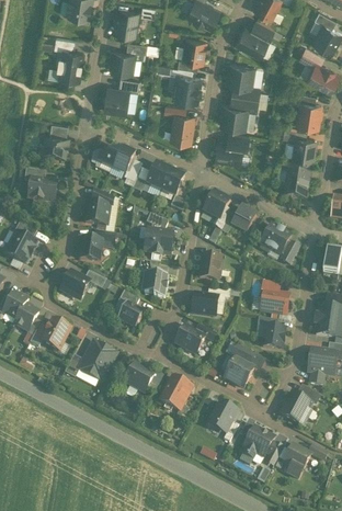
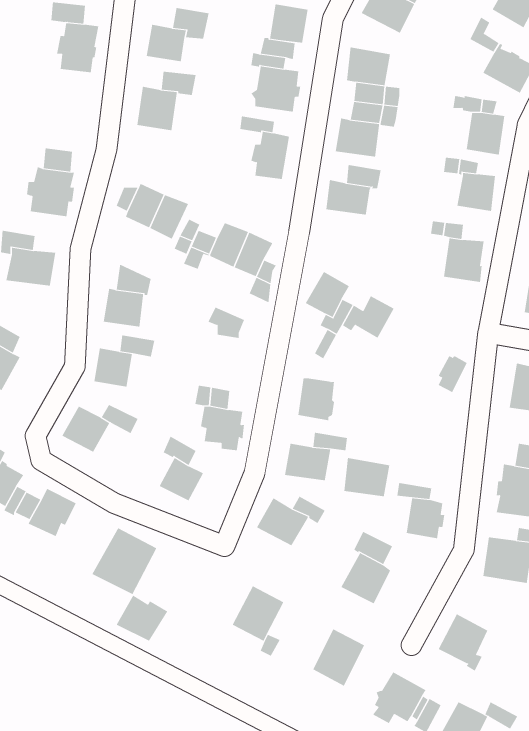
building: [261,225,292,256] -> none
building: [145,230,173,257] -> none
building: [262,292,289,315] -> [343,458,390,497]
building: [125,365,156,393] -> [116,595,168,642]

